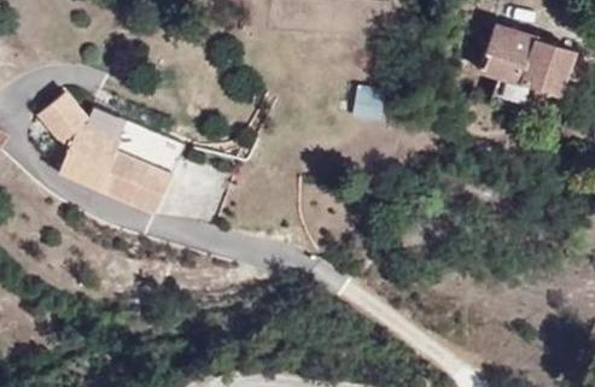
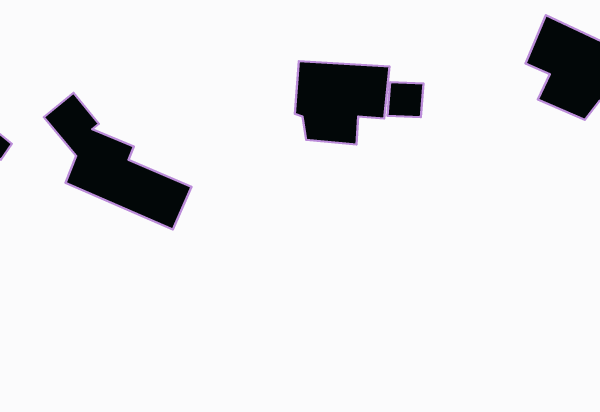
building: none -> [295,61,389,145]
building: [117,123,187,176] -> none

